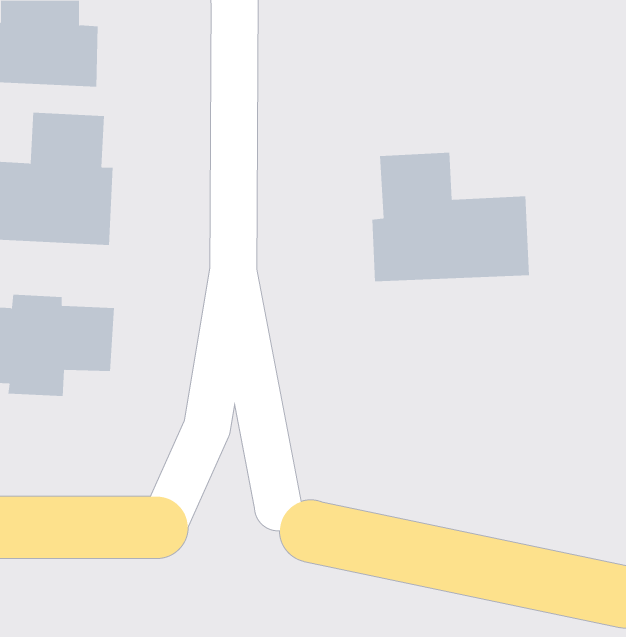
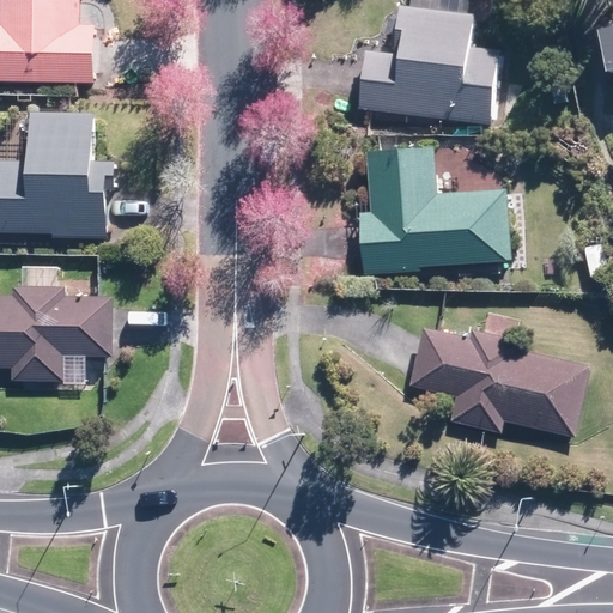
building: none -> [360,7,499,121]
building: none -> [407,326,588,438]

